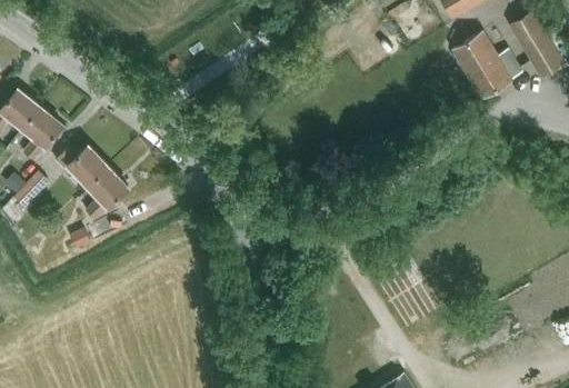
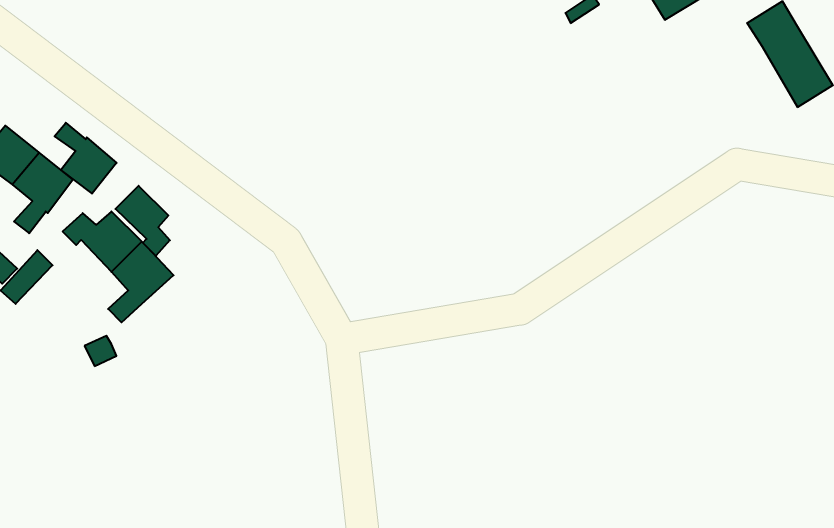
building: [452,32,521,99] -> none
building: none -> [55,123,117,194]
building: none -> [115,186,170,256]

